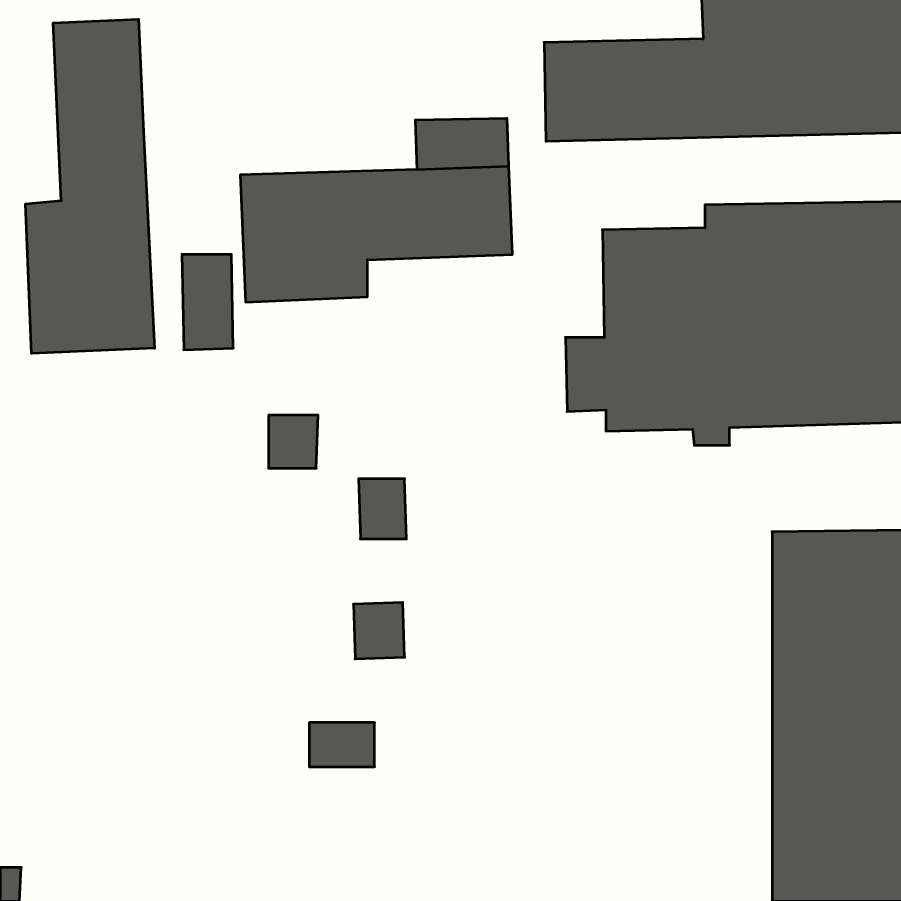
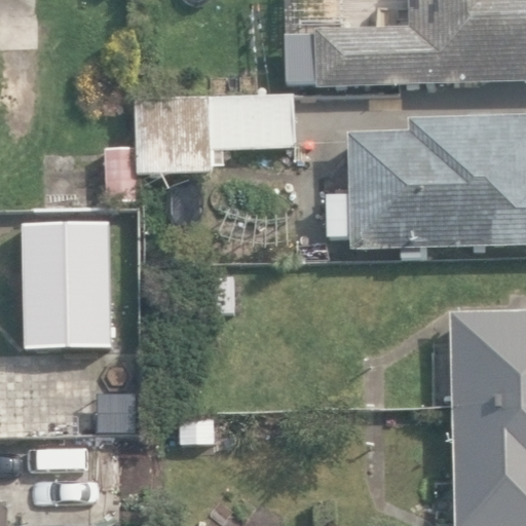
building: [26,19,155,353] -> none
building: none -> [21,219,110,343]

